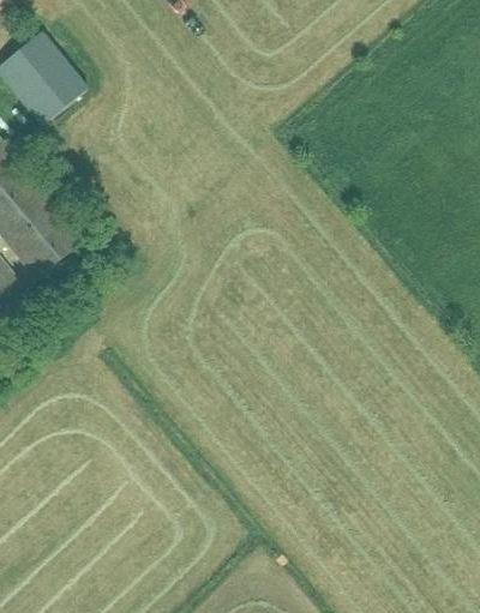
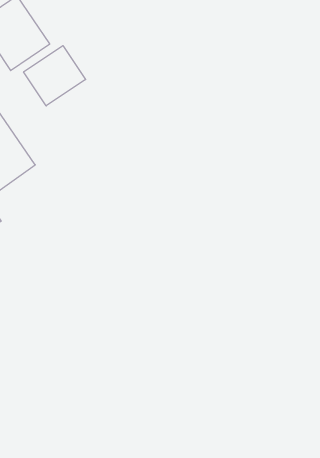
building: none -> [24,46,86,106]

